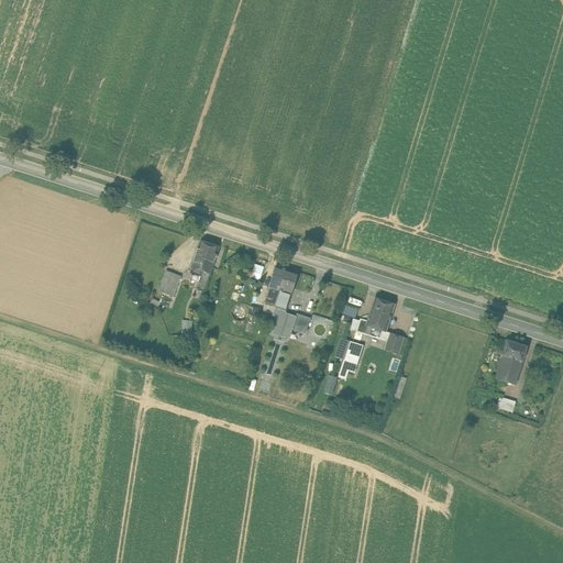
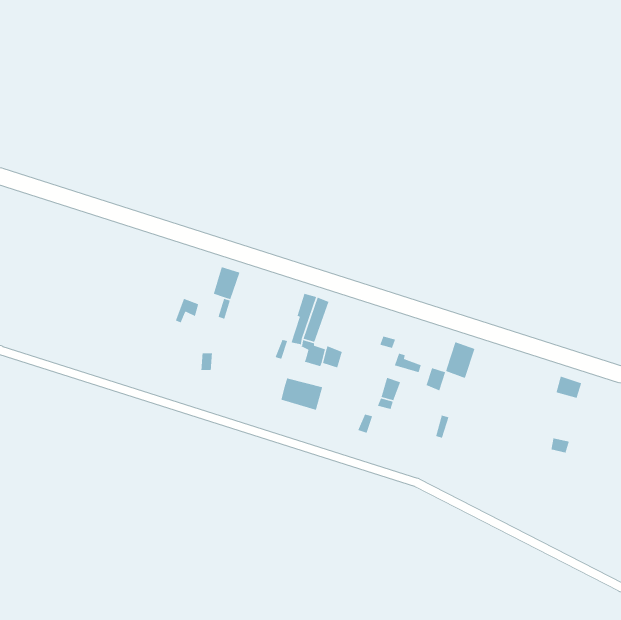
building: [366,297,394,331] -> [445,341,475,379]
building: none -> [280,378,323,411]
building: [495,355,522,384] -> none

